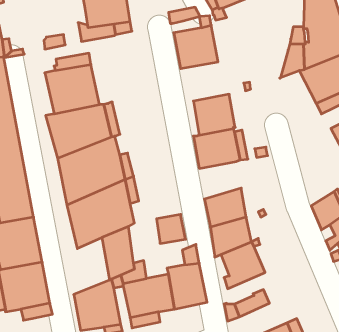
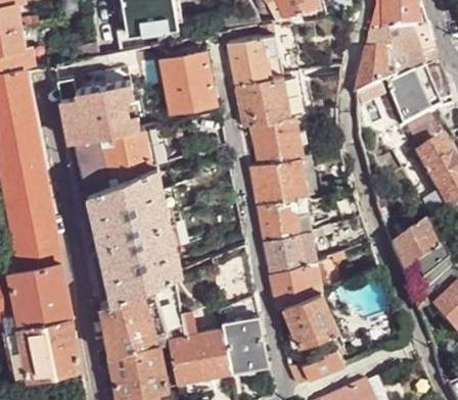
building: none -> [158,47,216,109]
building: none -> [235,72,295,123]
building: none -> [258,194,308,239]
building: none -> [98,285,150,353]

